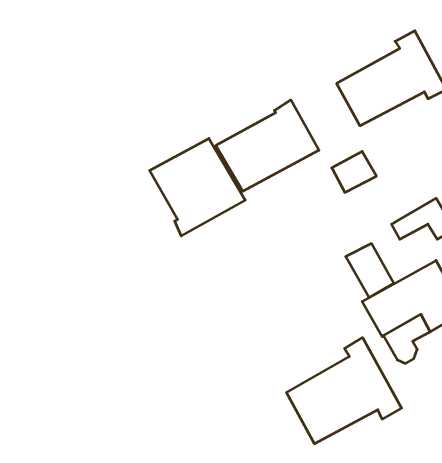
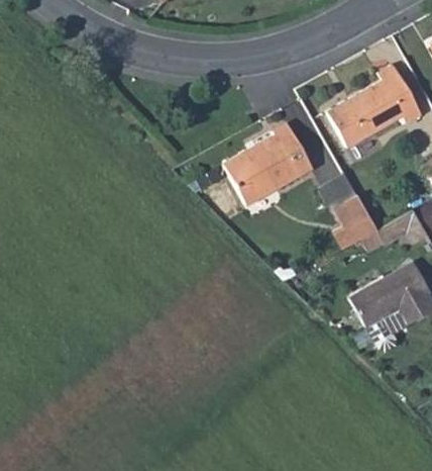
building: [150,138,245,236] -> none
building: [346,244,394,298] -> [336,196,377,243]
building: [287,338,402,444] -> none

